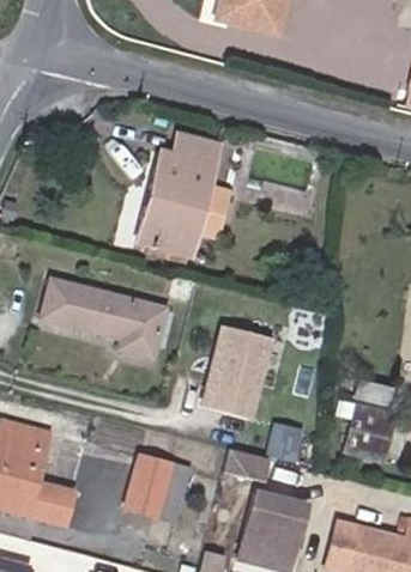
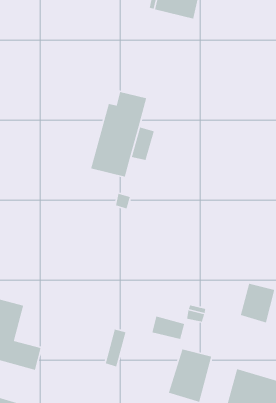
building: [43,282,162,357] -> none
building: [204,325,271,413] -> none
building: [126,456,170,513] -> none

